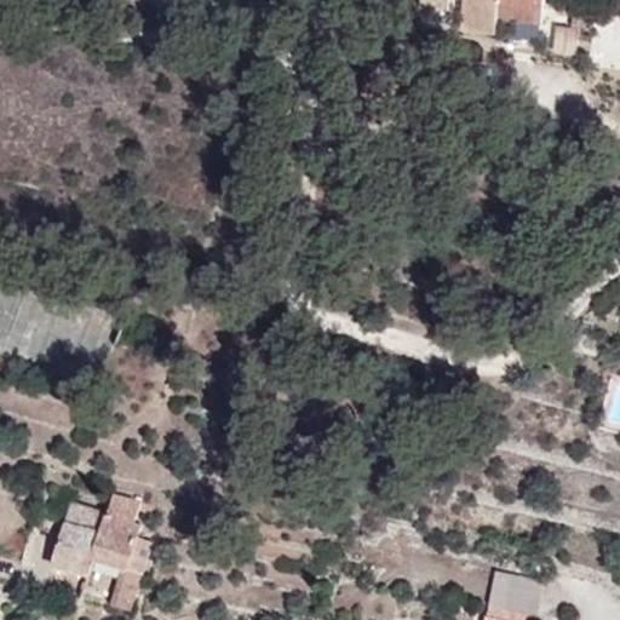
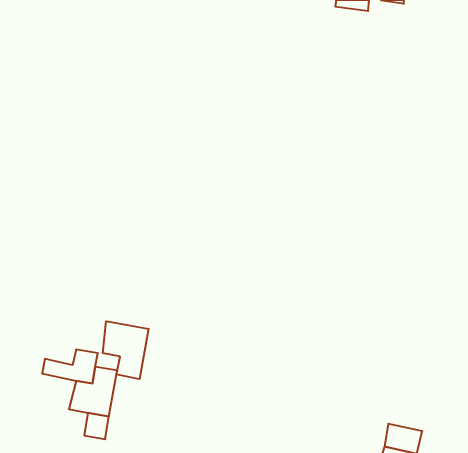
building: none -> [103,321,149,379]
building: [47,513,101,561] -> none

